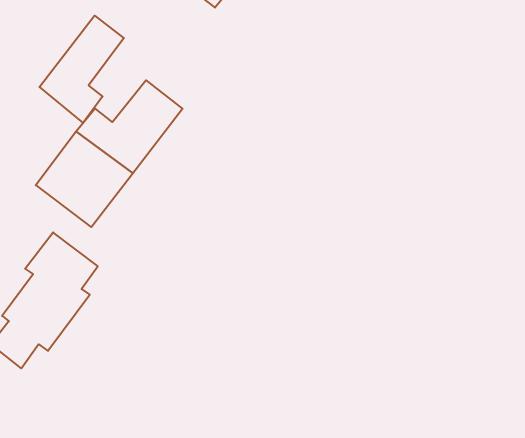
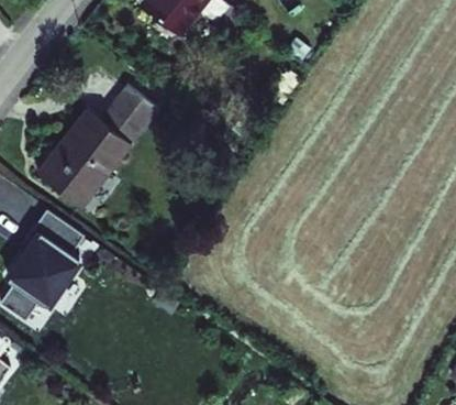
building: [39,16,124,123] -> none

